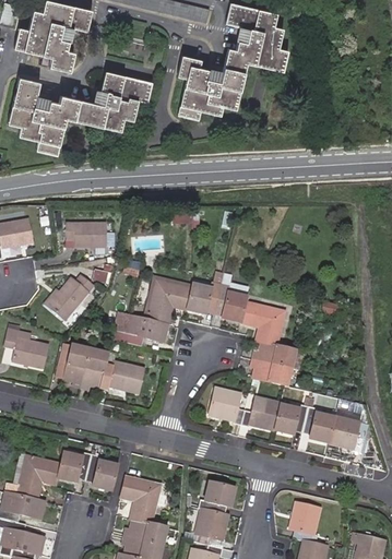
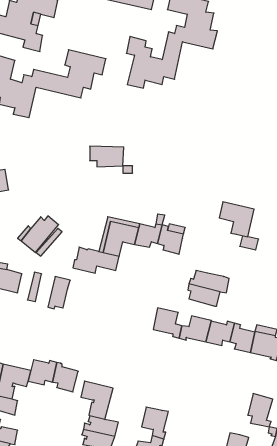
building: [66,223,107,248] -> [90,146,124,167]
building: [241,302,284,345] -> [219,202,254,237]
building: [66,346,90,386] -> none
building: [99,361,141,392] -> none
building: [198,483,234,513] -> none
building: [289,502,320,543] -> [248,394,273,427]

